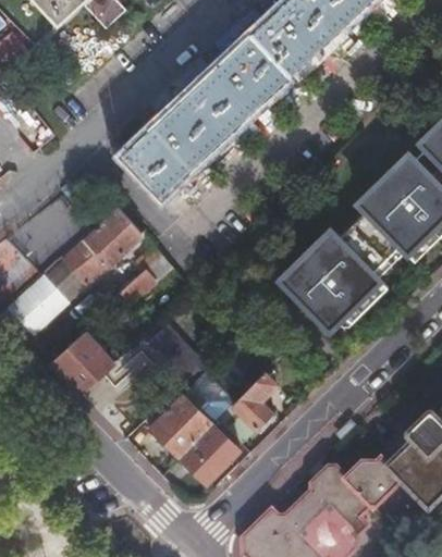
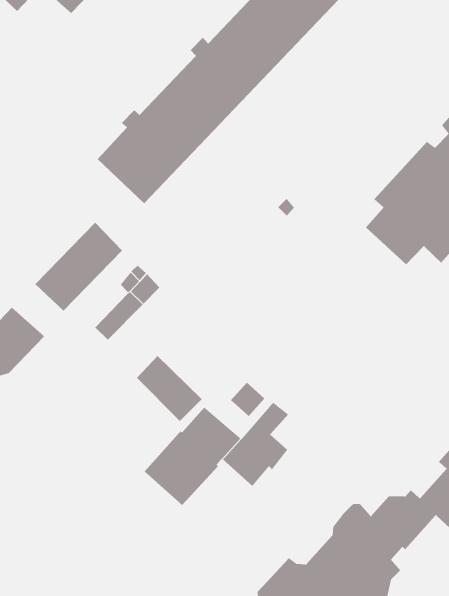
building: [282,225,389,329] -> none
building: [41,259,86,302] -> none
building: [51,333,114,394] -> none
building: [180,425,240,485] -> none

